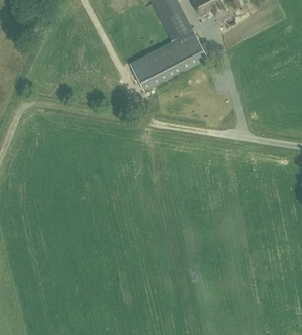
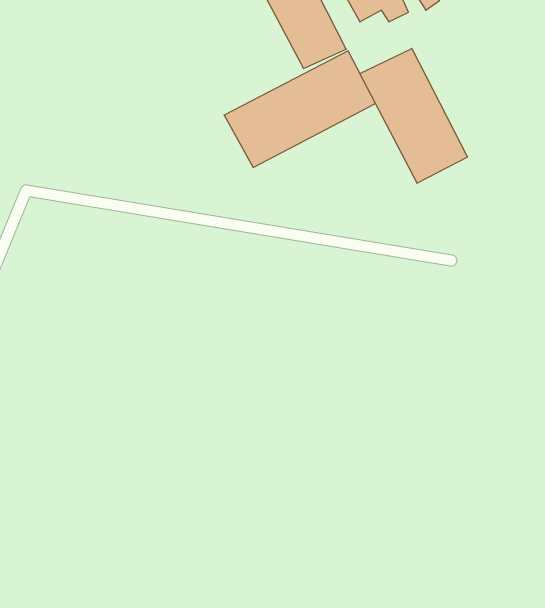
building: none -> [360,48,467,183]

